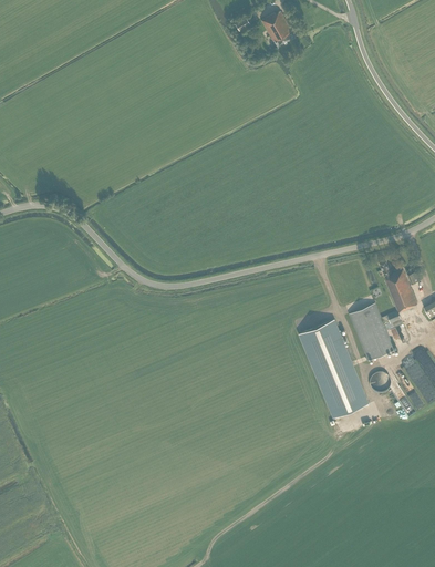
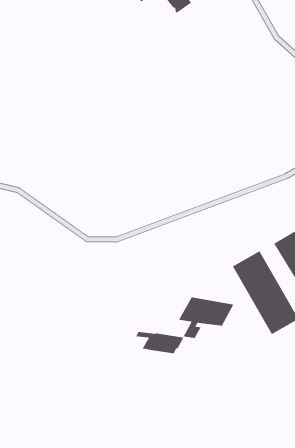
building: none -> [135,297,235,354]

